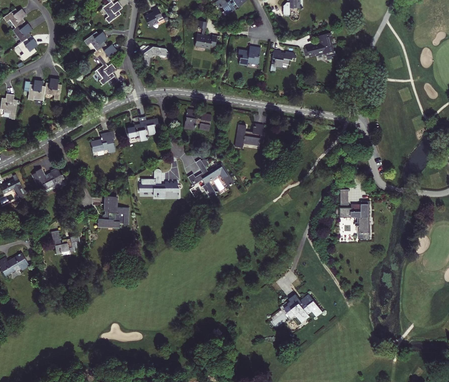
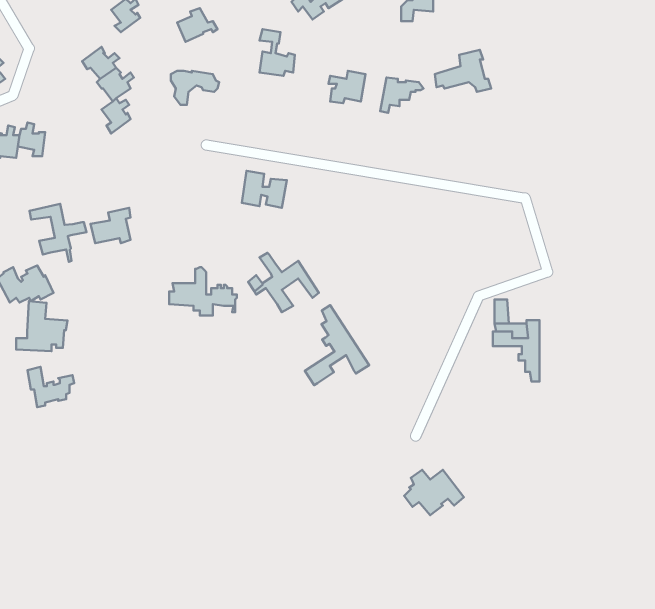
building: [129,117,158,141] -> none
building: [234,123,263,148] -> none
building: none -> [30,204,86,262]
building: none -> [305,305,369,385]
building: [97,196,129,227] -> [16,301,68,351]

